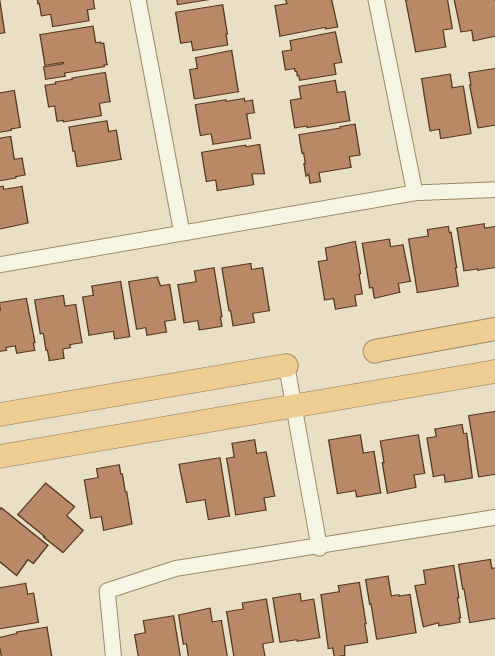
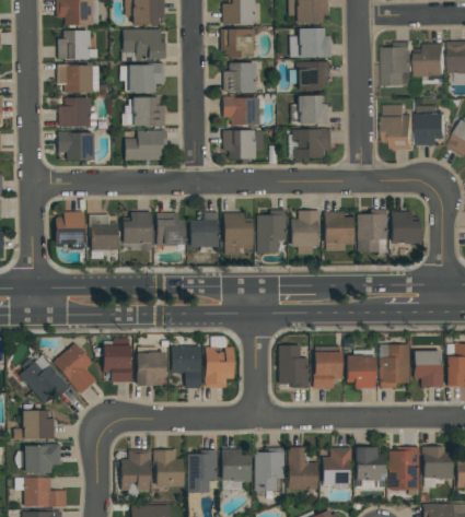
building: none -> [125,130,167,161]
building: none -> [256,210,287,254]
building: none -> [136,346,165,386]

